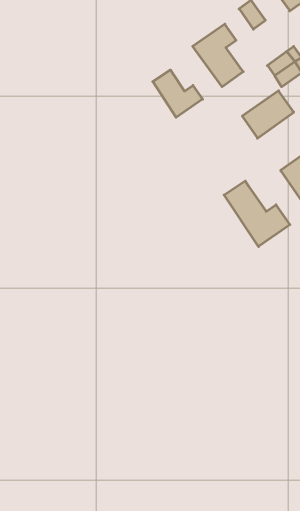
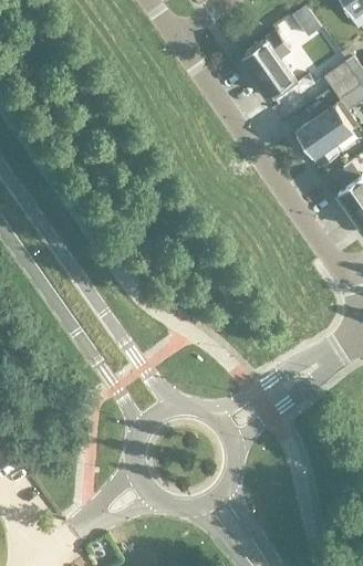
building: [153,70,203,117] -> none
building: [224,181,290,247] -> none

